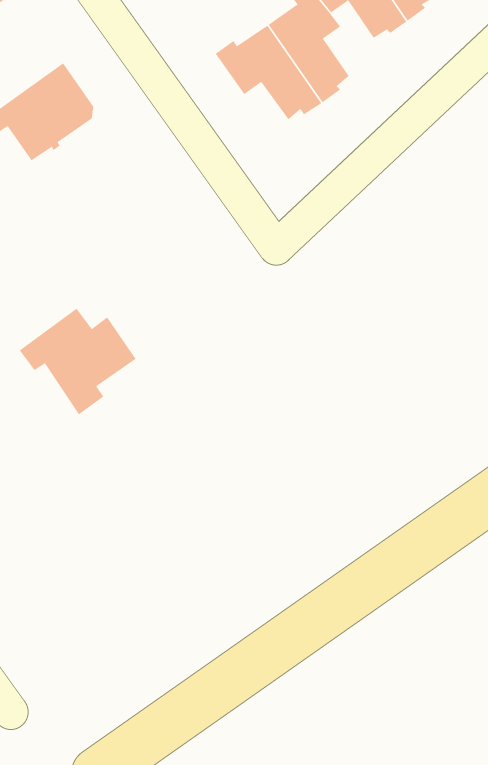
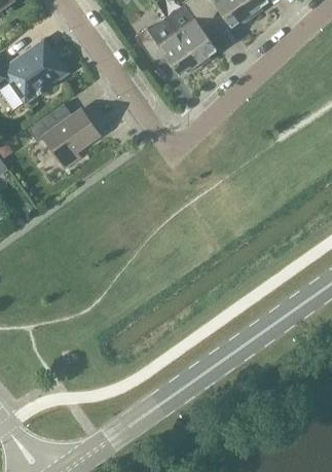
building: [19,308,136,415] -> [28,104,99,169]

